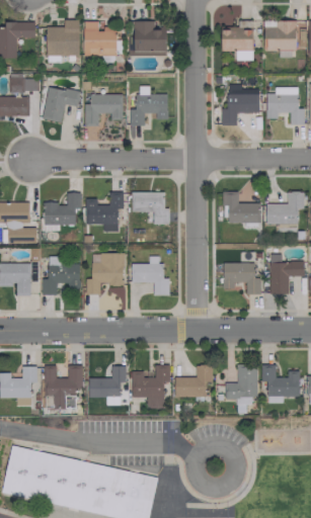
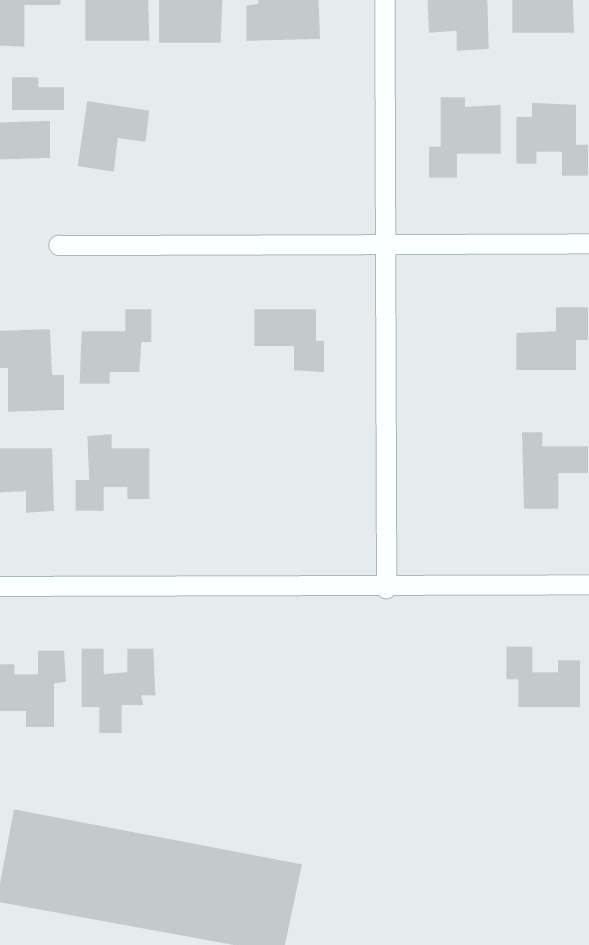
building: [130,86,167,125] -> none
building: [84,94,123,126] -> none
building: [224,191,260,223] -> none
building: [85,192,124,232] -> none
building: [86,253,124,294] -> none
building: [131,256,169,295] -> none
building: [223,263,260,294] -> none
building: [132,364,169,409] -> none
building: [174,364,213,398] -> none
building: [88,365,126,397] -> none
building: [225,365,256,413] -> none

